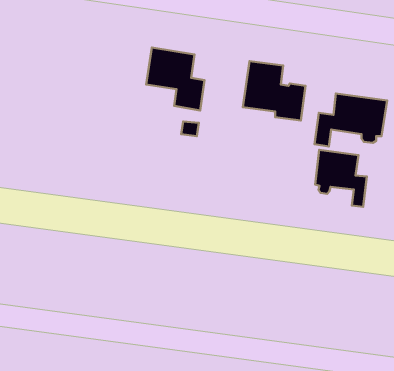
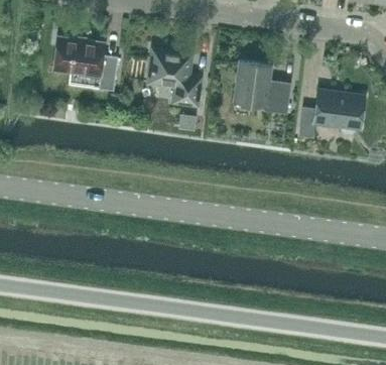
building: none -> [52,37,118,92]
building: [315,150,367,207] -> none

